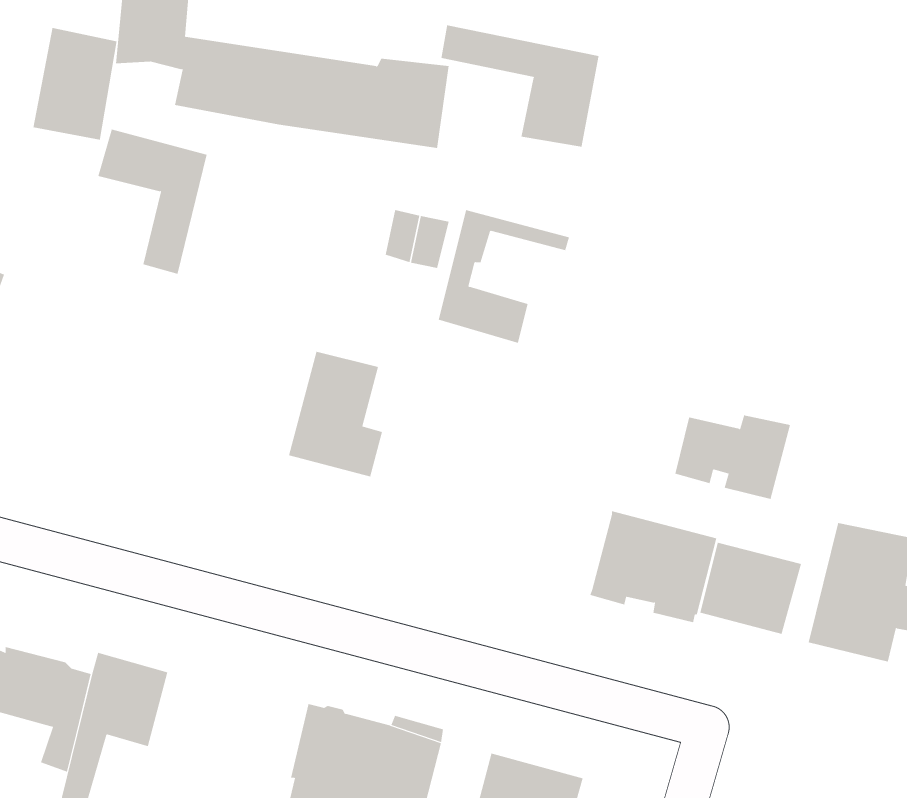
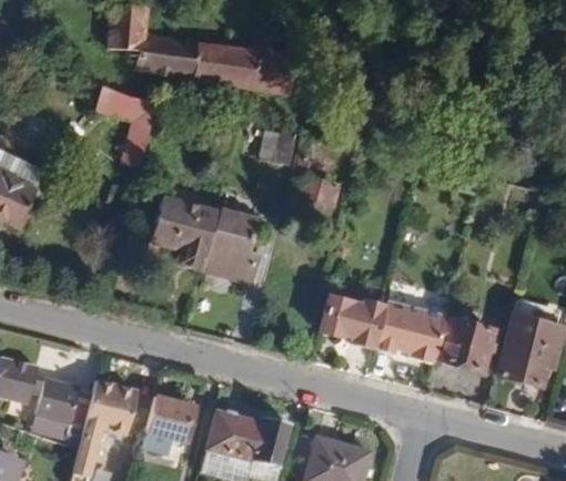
building: [441,25,599,148] -> none
building: [33,27,117,141] -> none
building: none -> [152,198,215,268]
building: [675,415,791,500] -> [320,297,385,345]
building: none -> [145,395,194,442]

